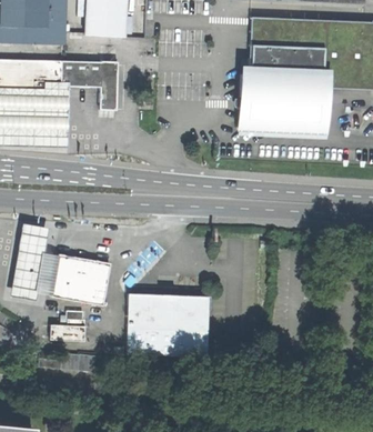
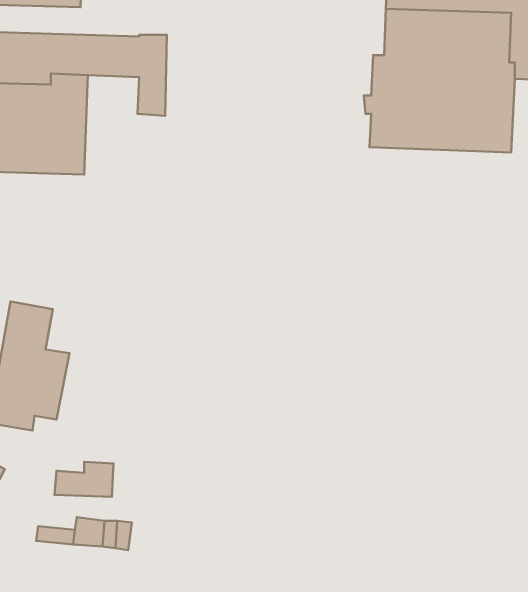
building: [51,253,111,305] -> none
building: [127,294,209,356] -> none

